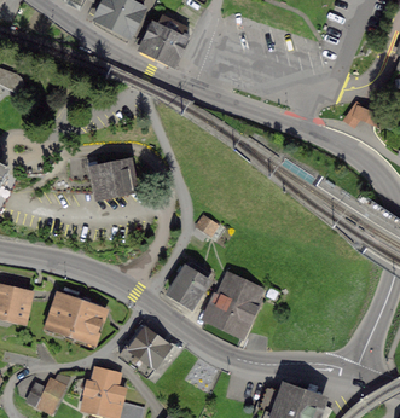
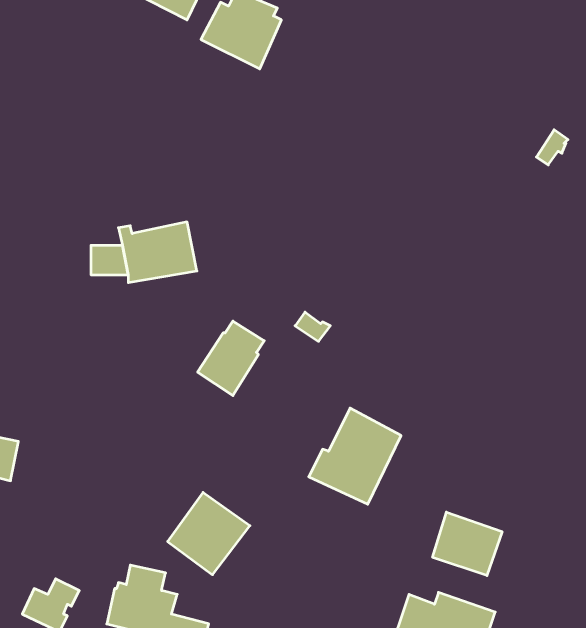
building: [170,260,211,306] -> [198,321,264,396]
building: [52,297,102,338] -> none
building: none -> [433,512,502,576]

